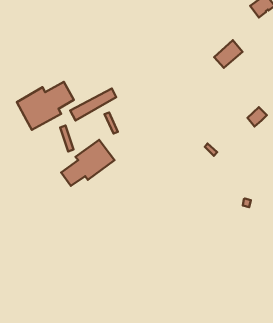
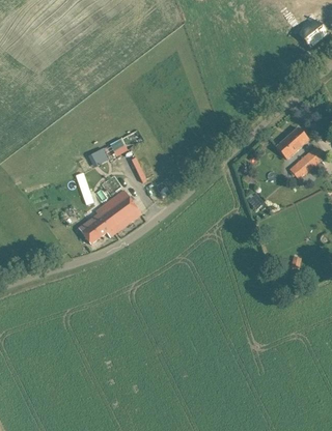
building: [214,40,243,68] -> [276,125,309,157]
building: [17,82,74,130] -> none

